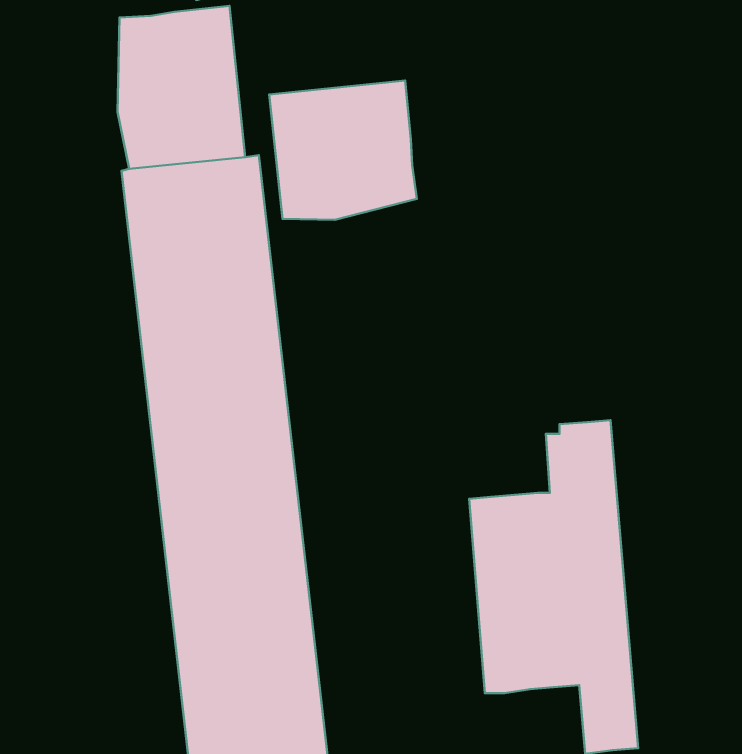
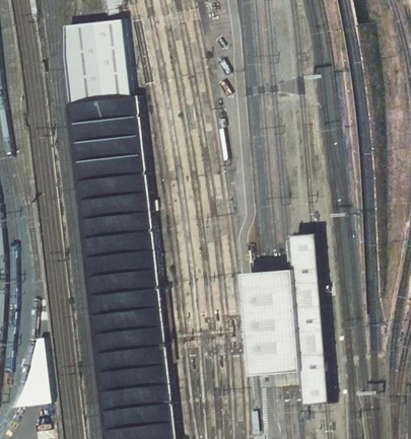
building: [269,80,417,220] -> none

